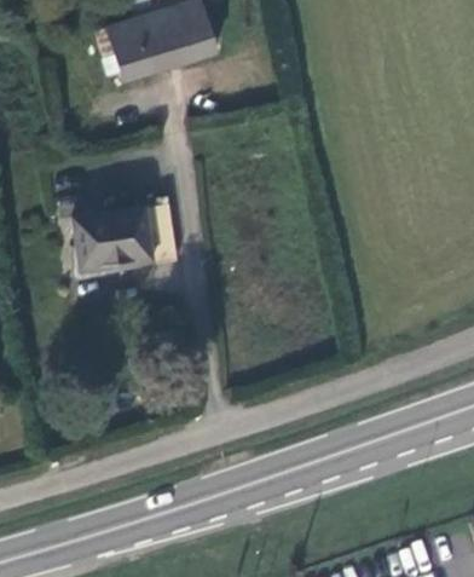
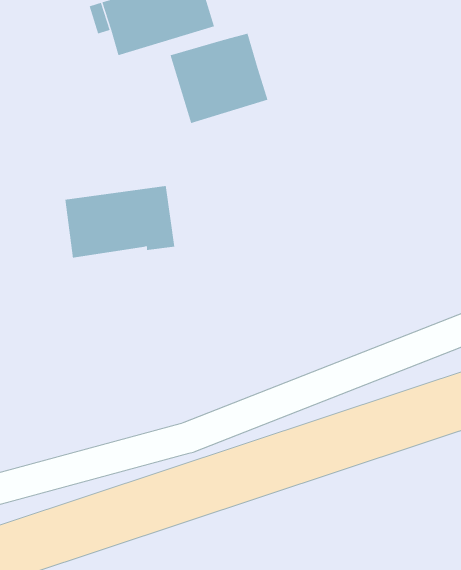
building: none -> [170,33,268,124]

